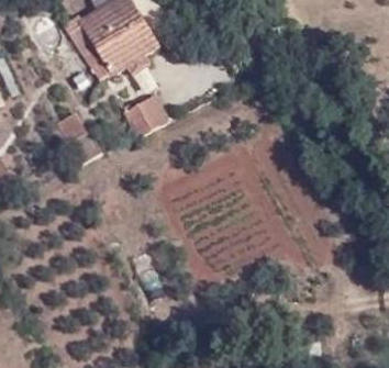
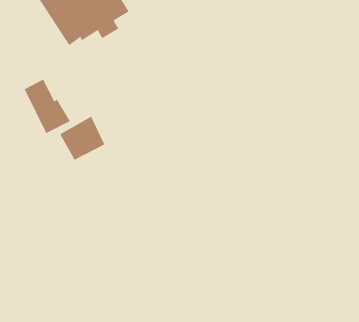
building: [125,92,169,135] -> [59,116,105,161]

